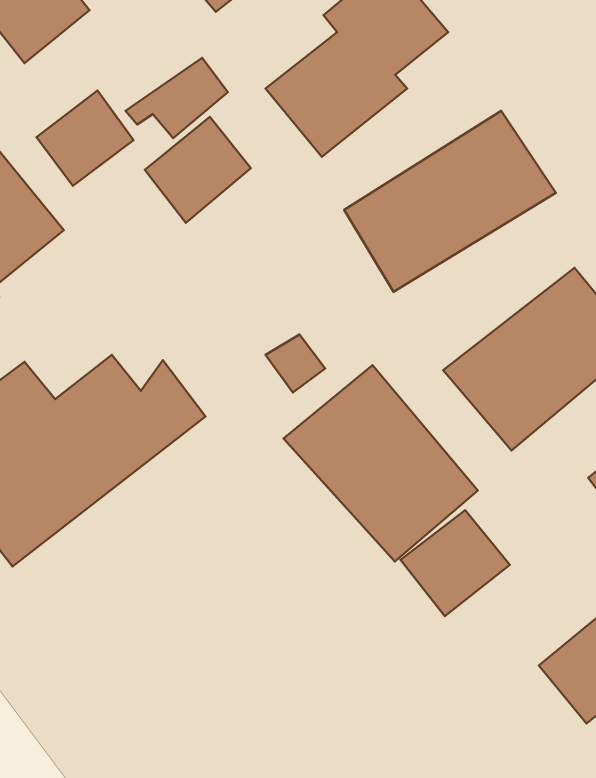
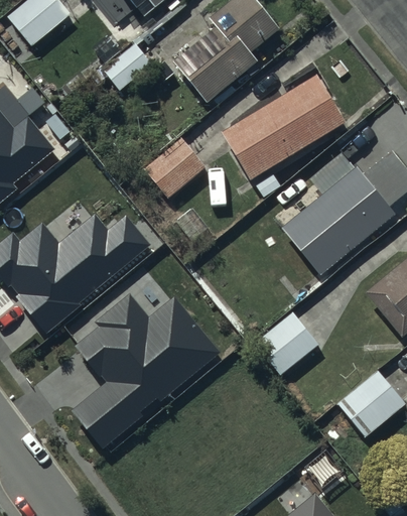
building: [36,90,134,186] -> none
building: [145,117,251,223] -> [146,135,209,198]
building: [283,365,478,561] -> none
building: none -> [58,301,211,452]

